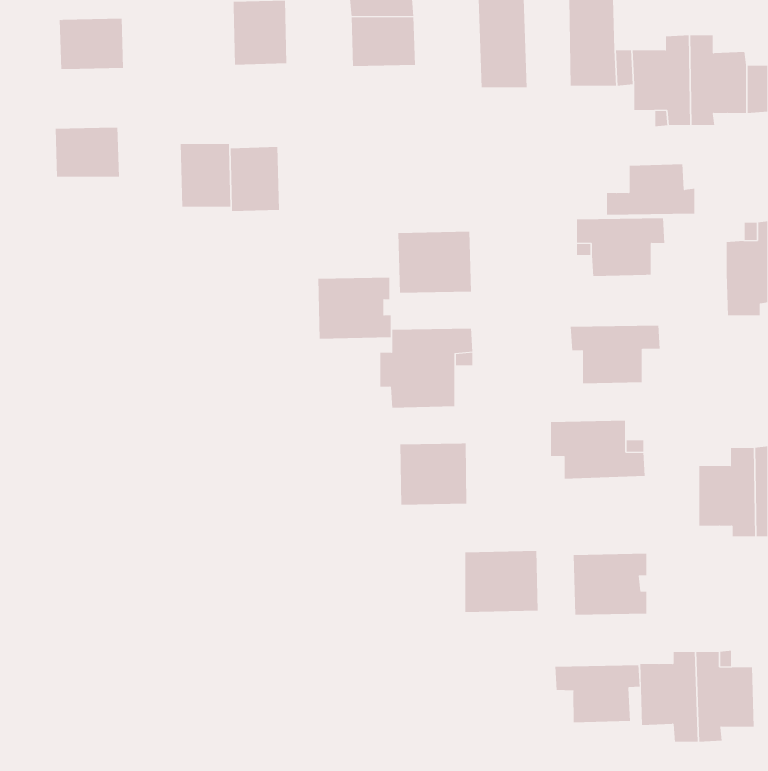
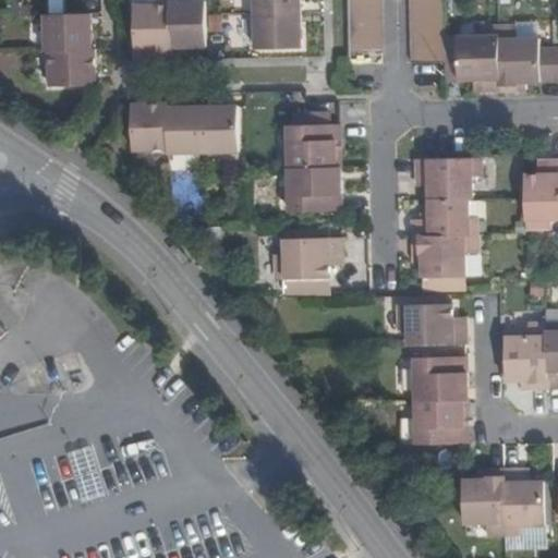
building: none -> [132,4,169,51]
building: [55,127,120,177] -> [47,49,94,85]
building: none -> [201,106,238,151]
building: [606,164,695,215] -> [411,198,475,235]
building: [317,277,392,339] -> [286,123,339,168]
building: [400,442,467,506] -> none
building: [464,551,539,612] -> [413,355,466,400]
building: [555,664,640,723] -> none

